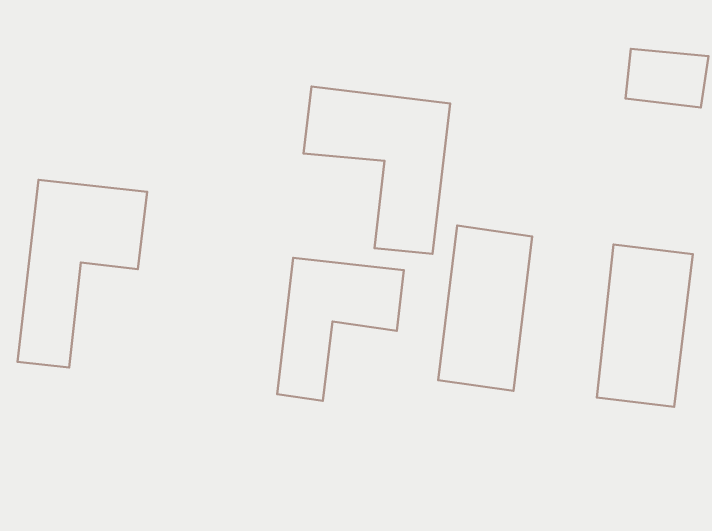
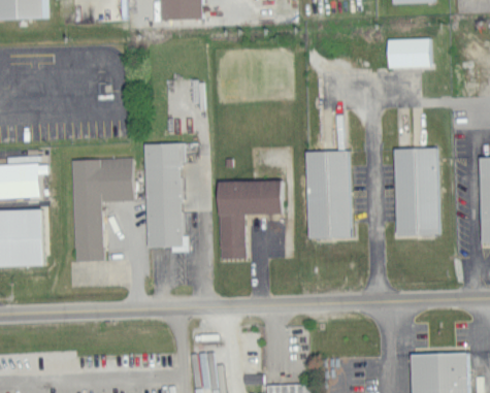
building: [304,86,450,254] -> none
building: none -> [145,143,189,253]

